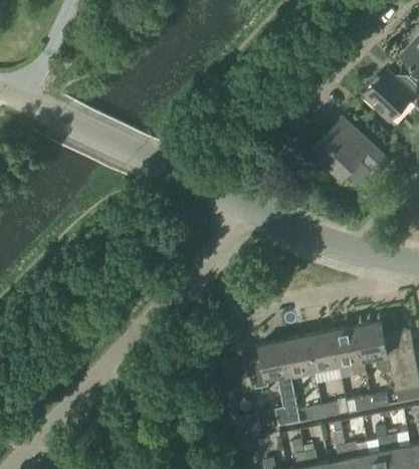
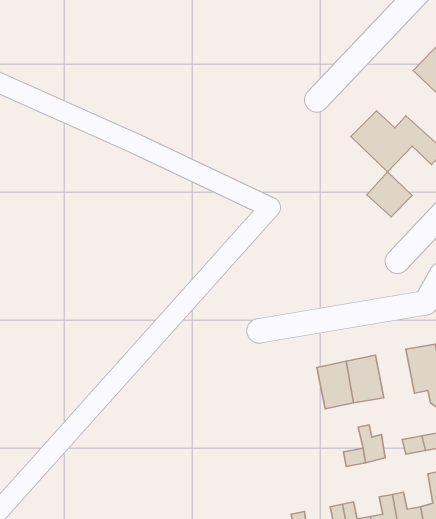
building: none -> [367,172,412,217]
building: [332,325,366,377] -> none
building: [250,340,299,427] -> none

